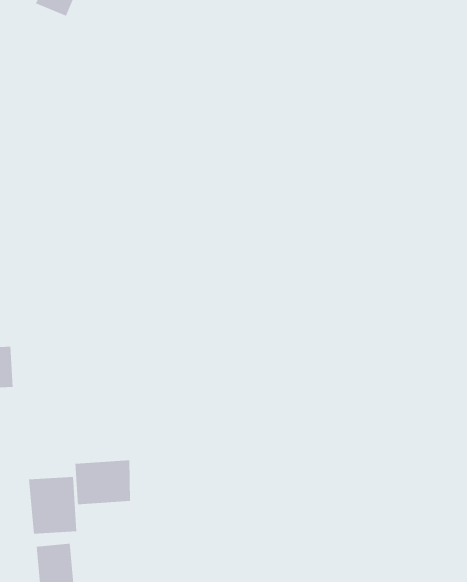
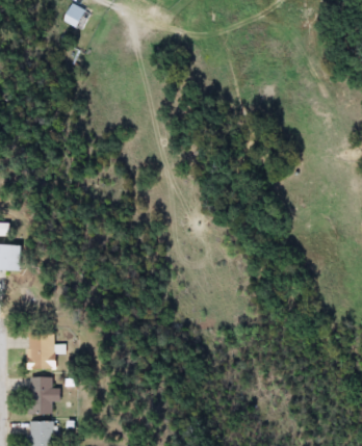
building: [75,460,131,505] -> none

